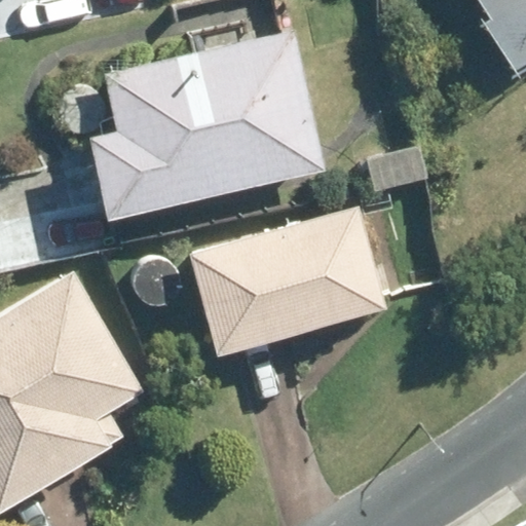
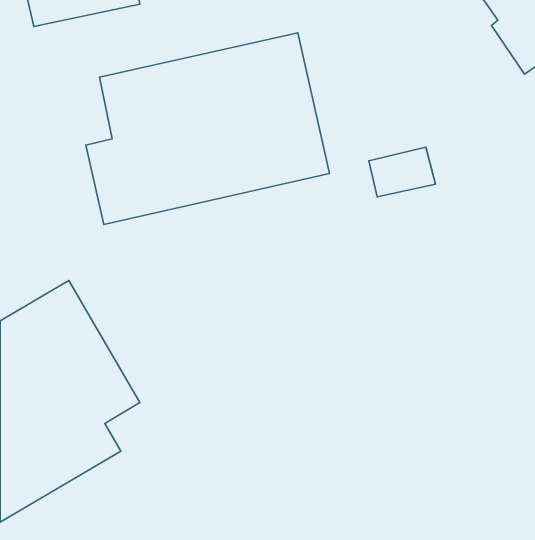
building: [184,205,386,356] -> none

